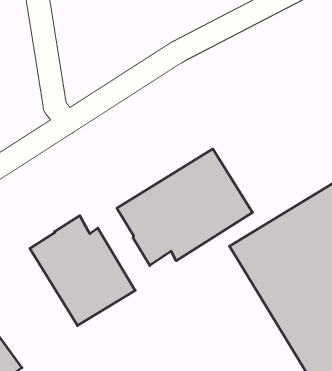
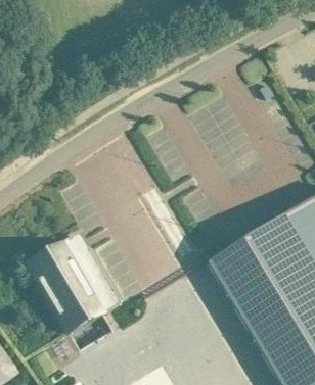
building: [117,149,253,266] -> none

